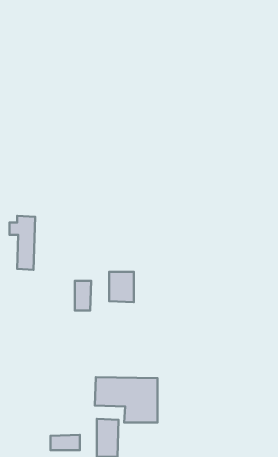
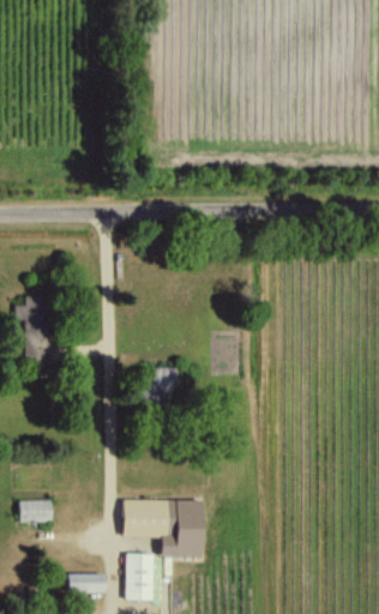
building: [75,281,91,310] -> none
building: none -> [22,499,53,522]

